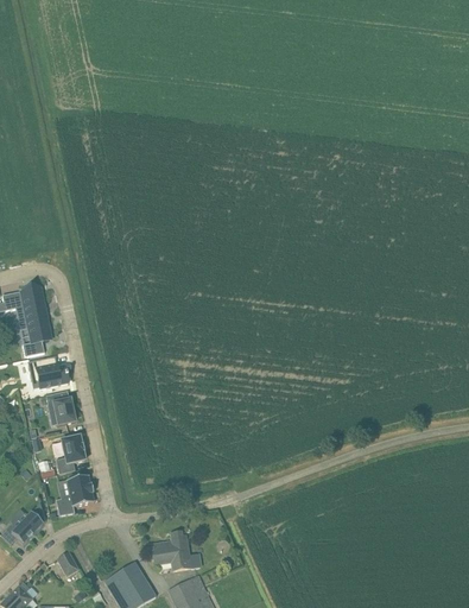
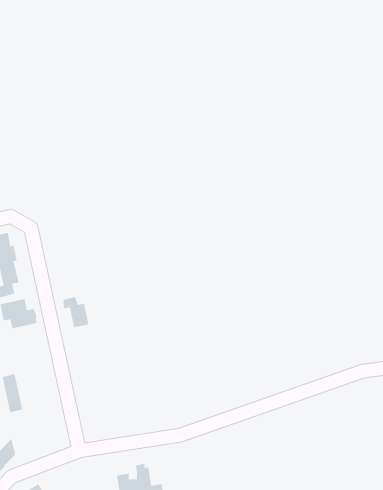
building: [45,392,74,425] -> [62,297,89,328]
building: [55,436,83,474] -> none
building: [55,475,94,515] -> none

